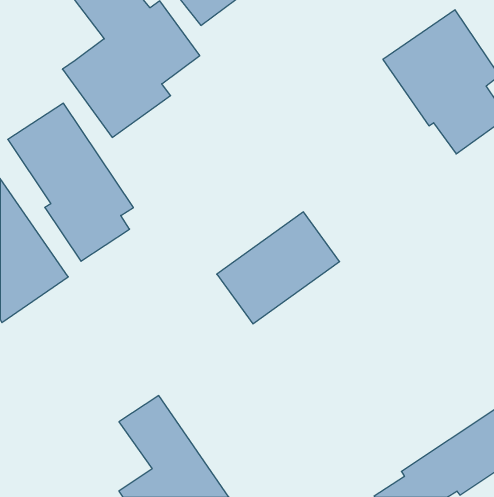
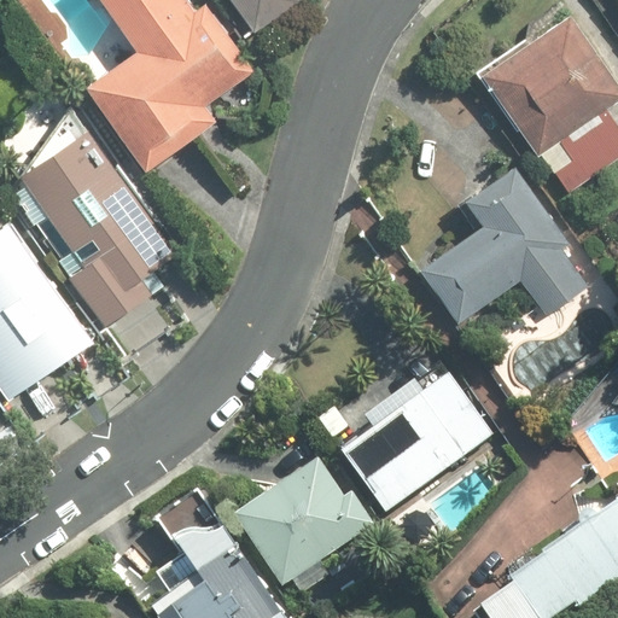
building: none -> [416,164,589,321]
building: [217,212,340,324] -> [340,377,492,515]
building: none -> [232,462,371,589]

